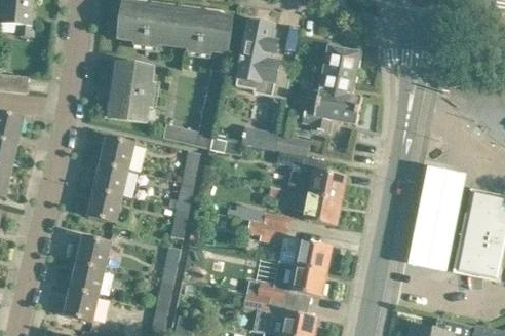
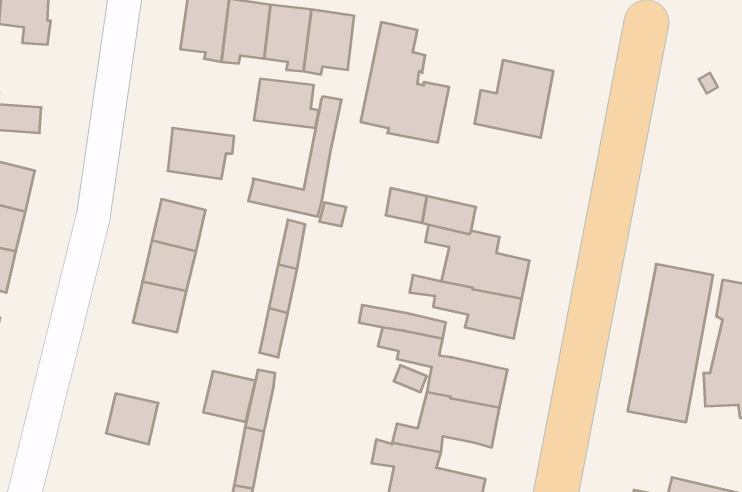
building: [113,63,155,95] -> [254,79,319,128]
building: [302,86,361,134] -> none
building: [76,235,110,268] -> [203,371,255,422]
building: [64,288,98,322] -> none

